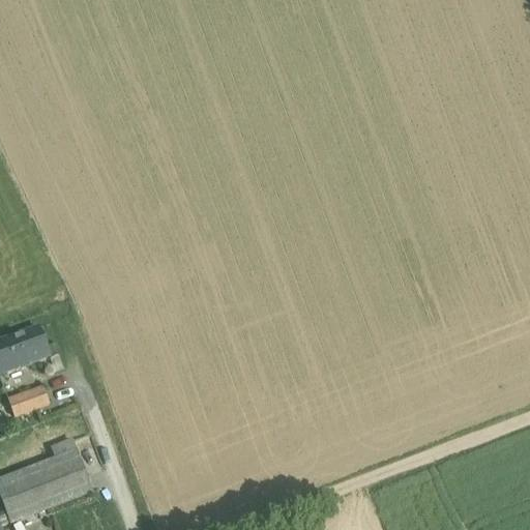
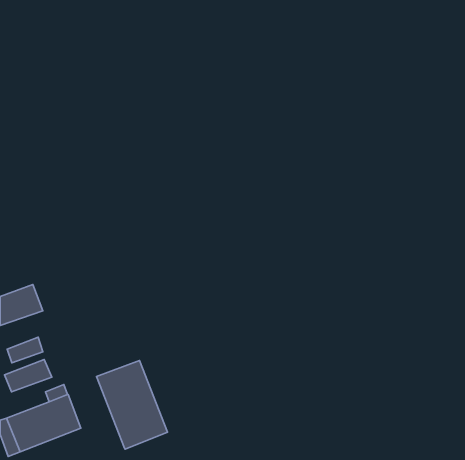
building: none -> [5,360,52,392]
building: none -> [97,361,167,449]

